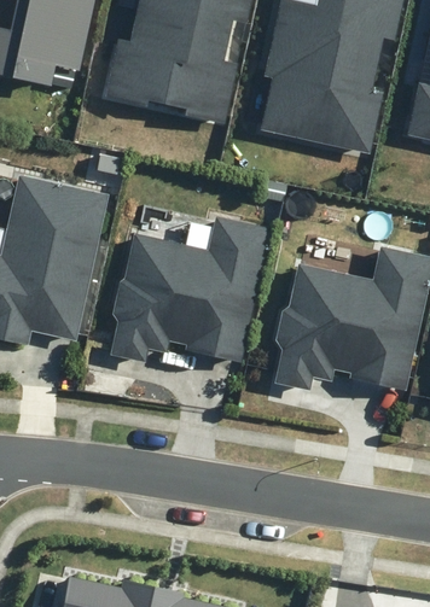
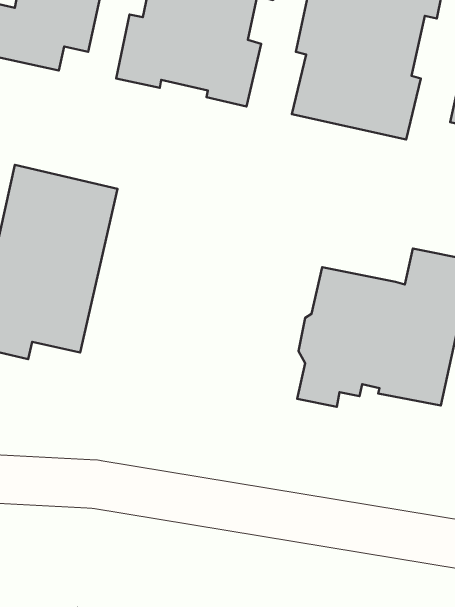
building: [109,218,267,363] -> none

